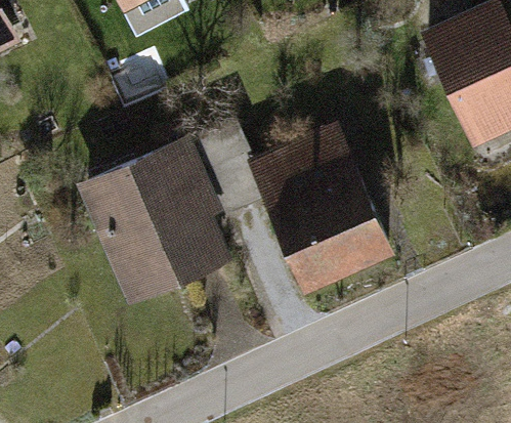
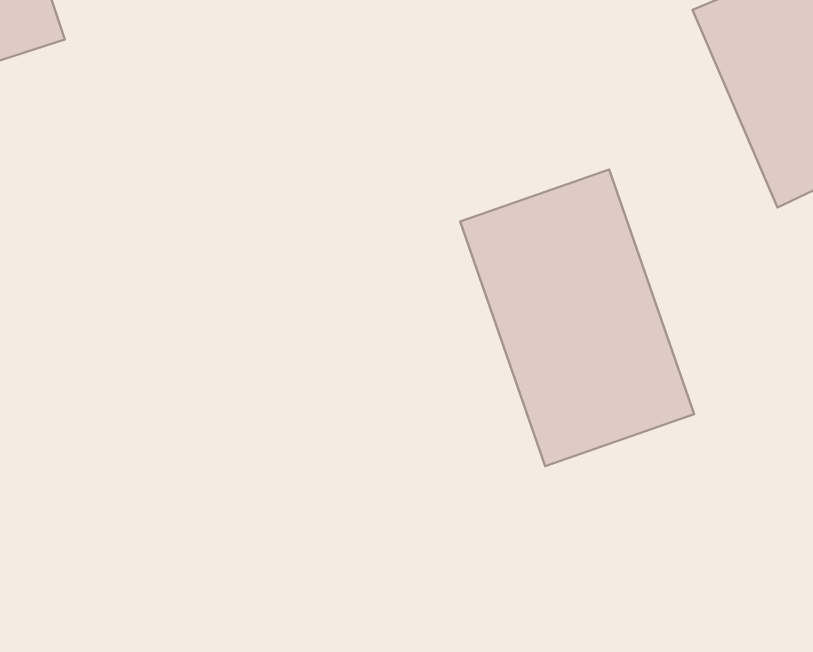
building: [109,152,248,291] -> none

